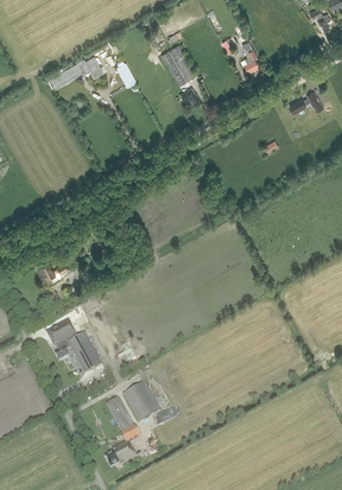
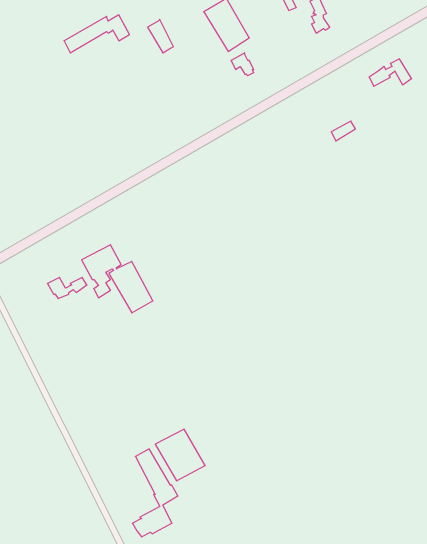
building: [46,319,102,373] -> [82,245,153,313]

